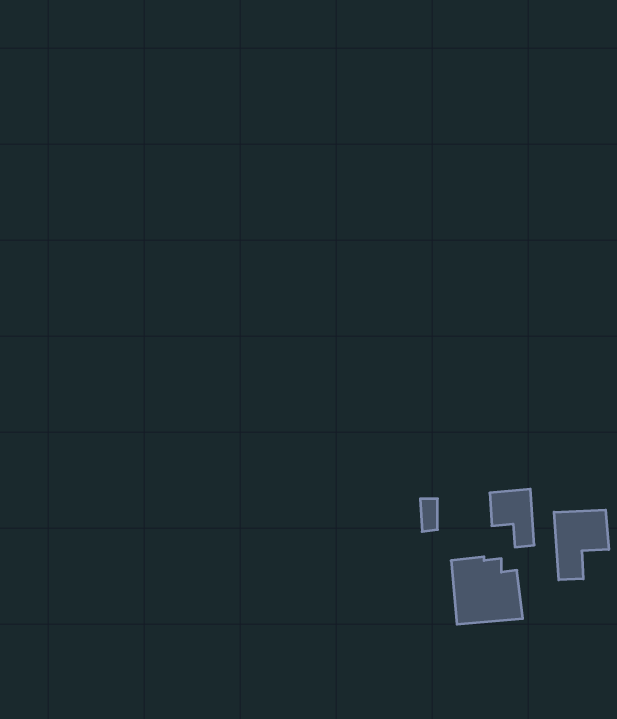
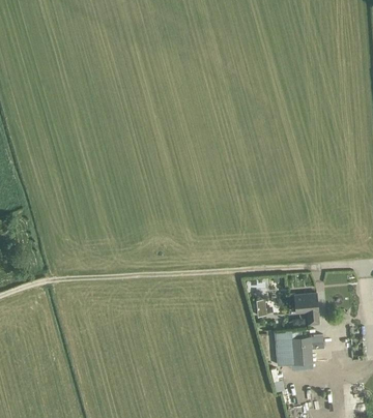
building: [554,510,609,580] -> none

